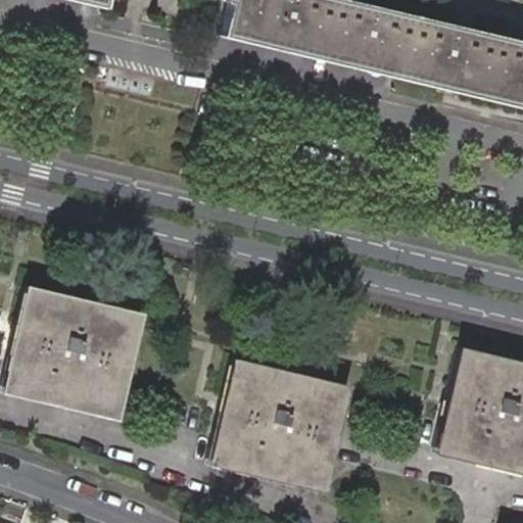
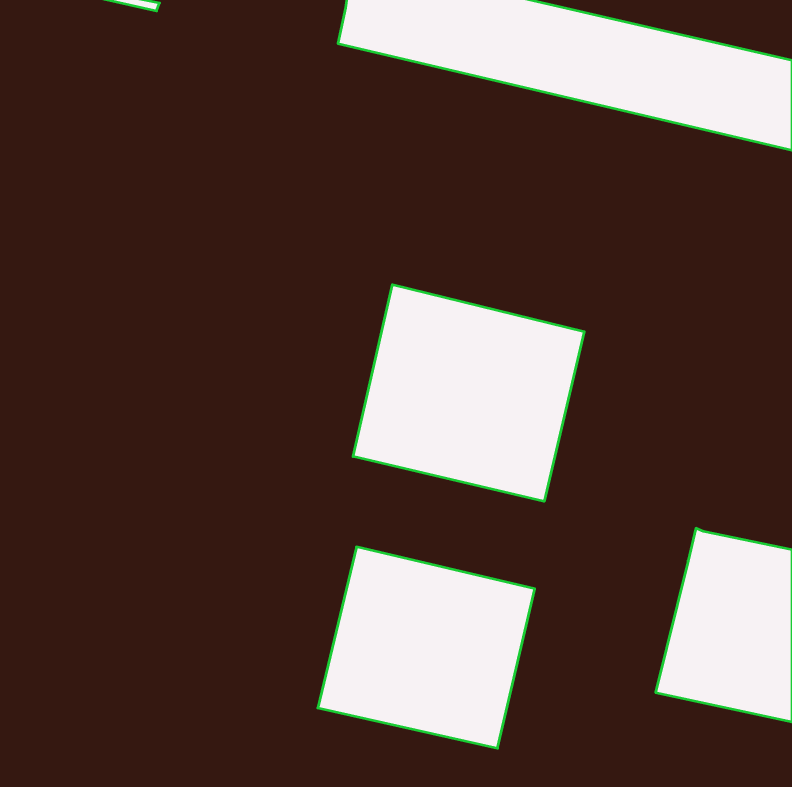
building: none -> [353,285,584,501]
building: [4,286,147,423] -> none

